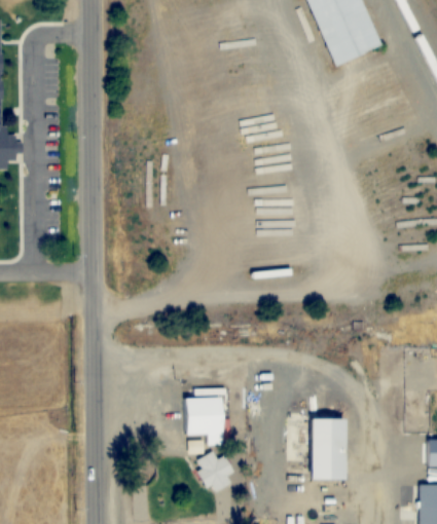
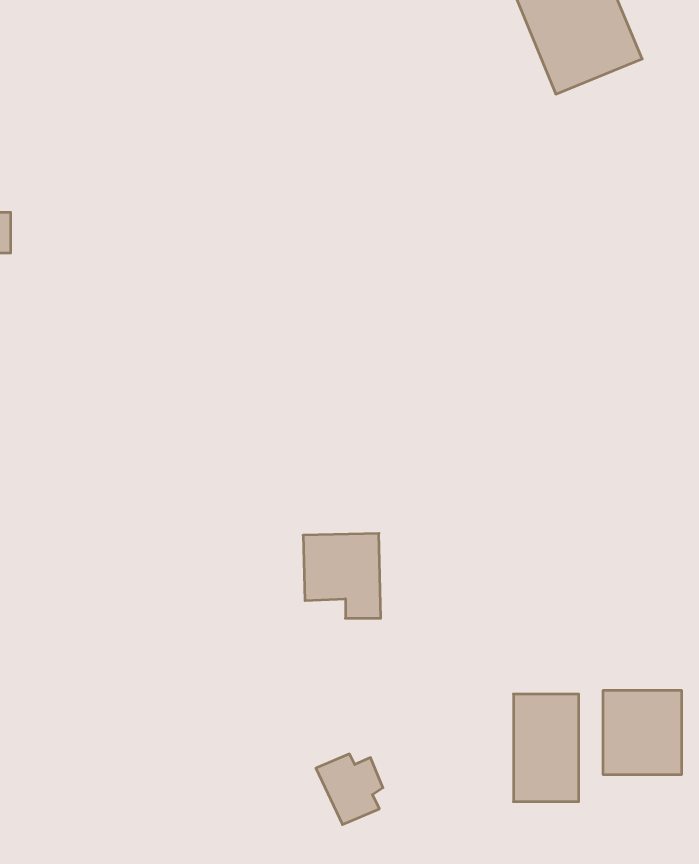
building: [180,396,225,445] -> [303,533,381,618]
building: none -> [603,690,681,775]

